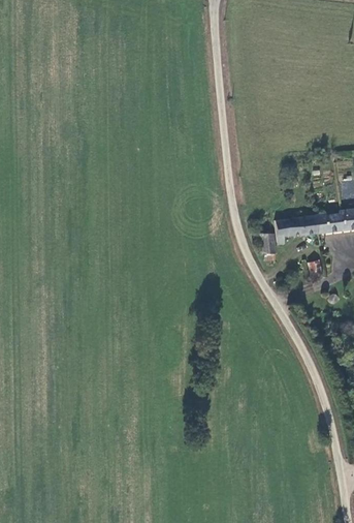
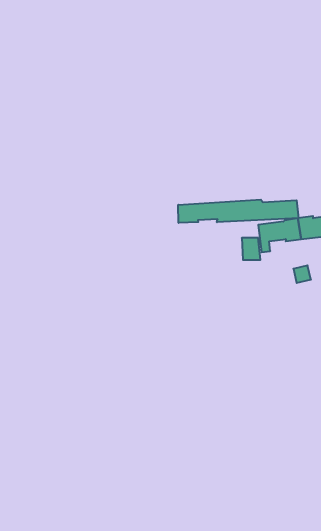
building: none -> [178,200,298,223]

